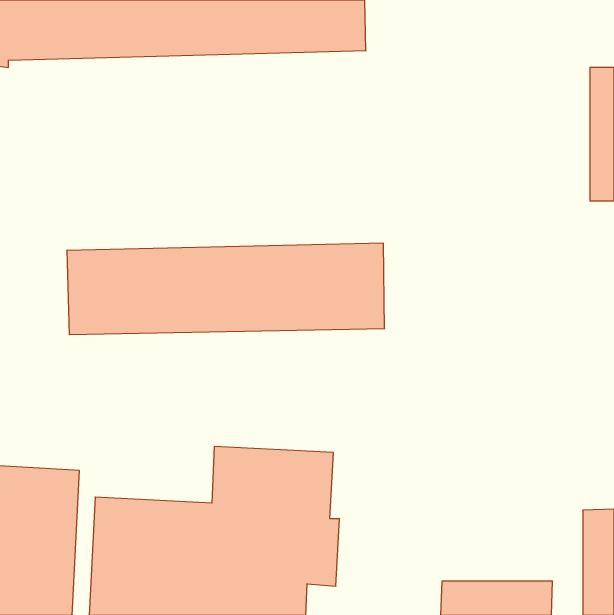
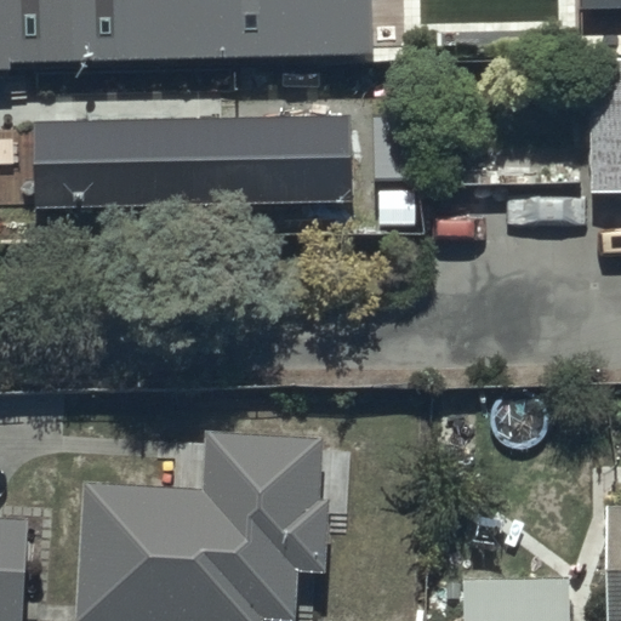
building: [67,243,385,335] -> [30,115,351,207]

